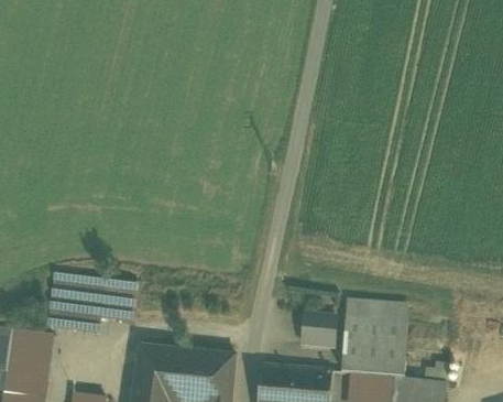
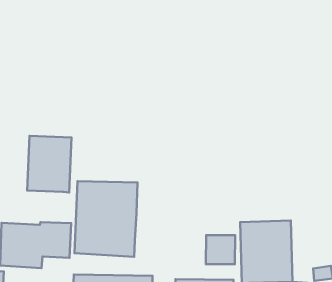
building: none -> [27,136,71,192]
building: none -> [74,181,138,257]

